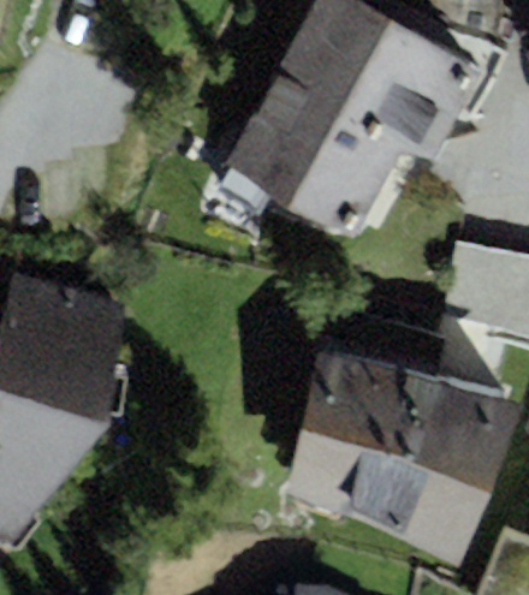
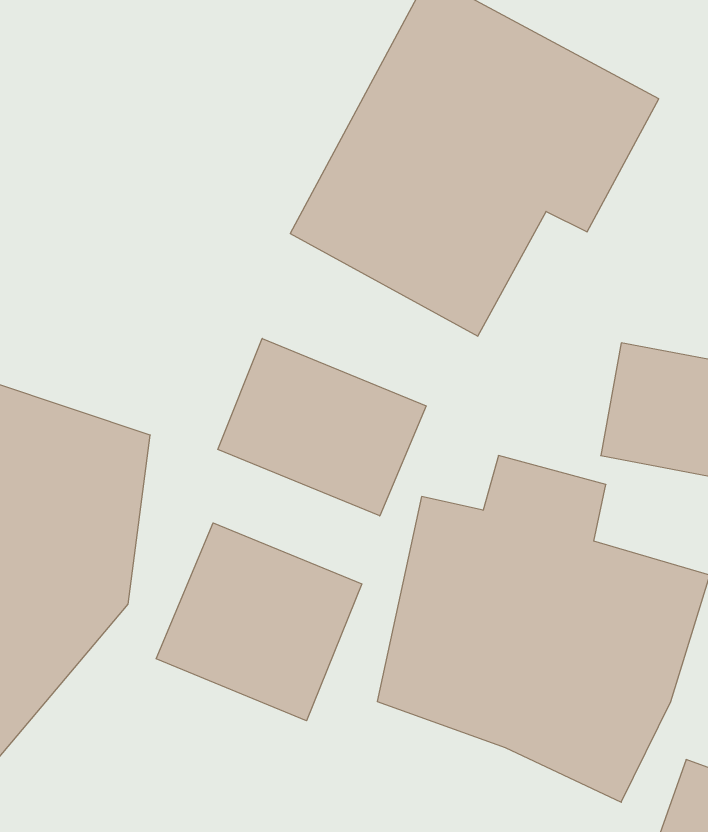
building: none -> [218,338,426,516]
building: none -> [156,523,362,721]

